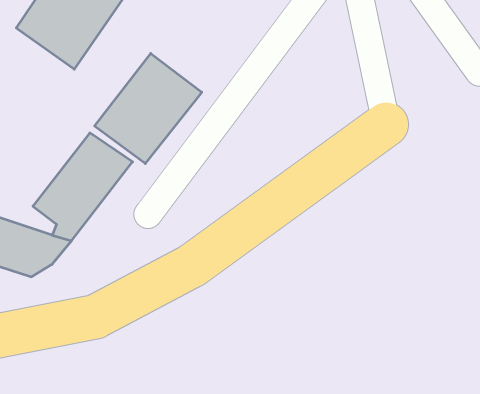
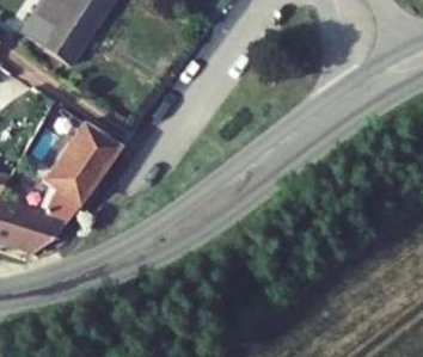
building: [95,53,202,164] -> none

